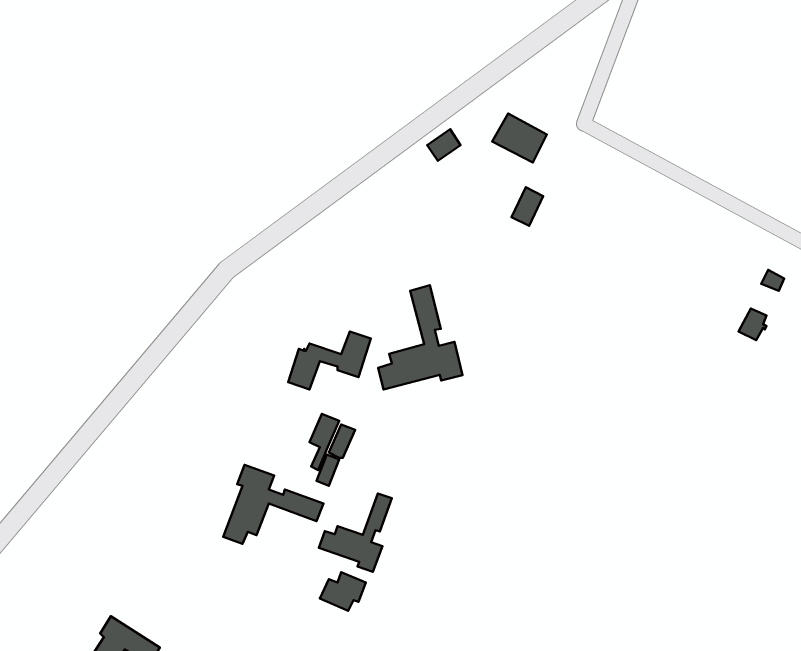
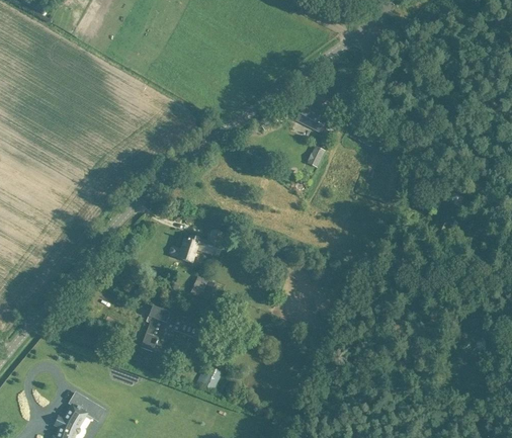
building: [378,285,463,390] -> none
building: [319,493,392,572] -> none

